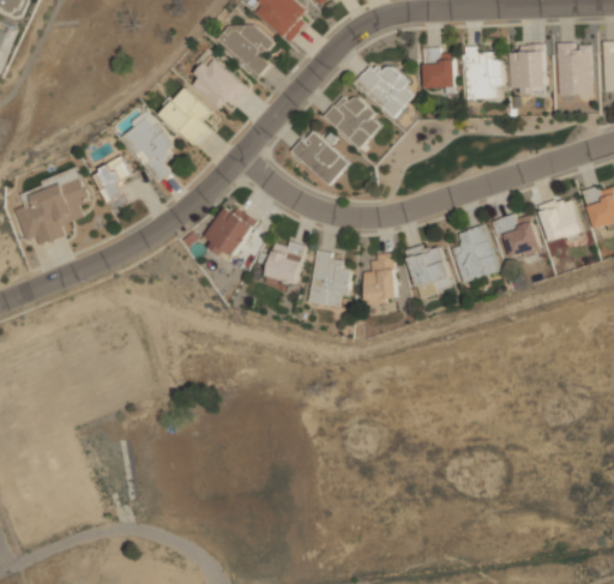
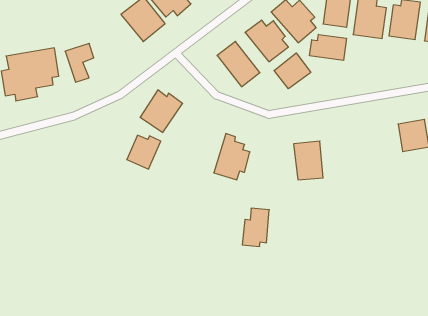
building: none -> [310,34,346,60]
building: [121,115,174,183] -> none
building: none -> [274,53,311,89]
building: [492,215,542,258] -> none
building: [451,225,499,283] -> none
building: [265,242,306,285] -> [127,135,161,169]
building: [363,255,396,306] -> [242,208,269,246]

